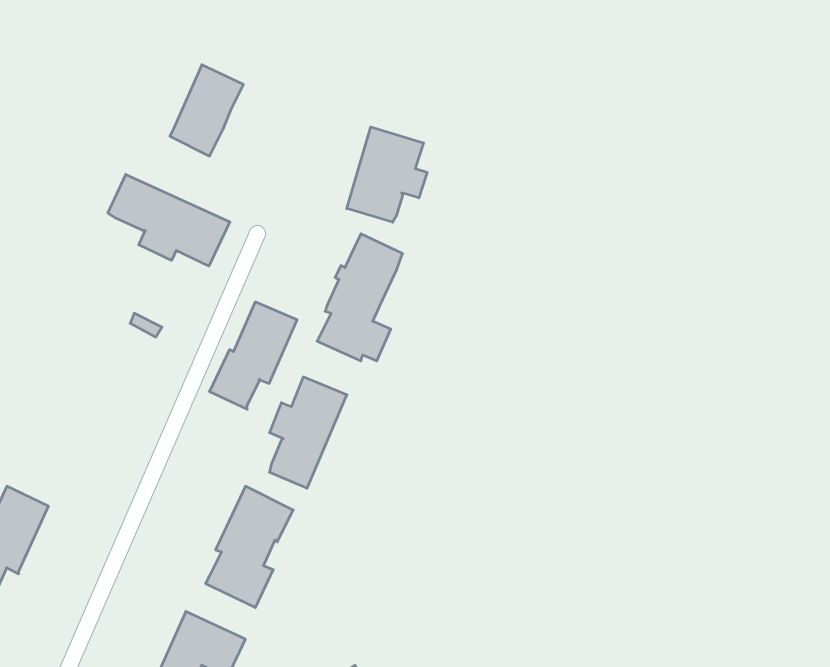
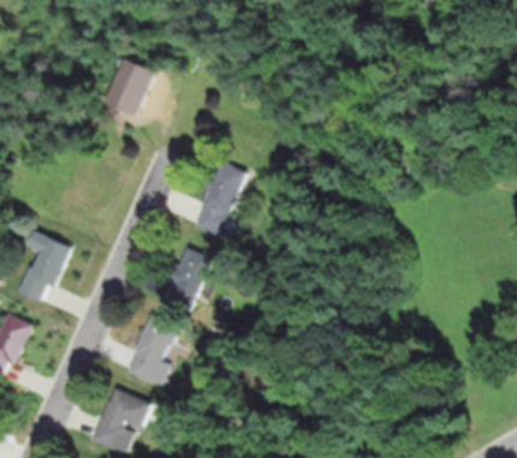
building: [347,127,427,222] -> none
building: [108,174,230,266] -> none
building: [209,302,297,409] -> [17,237,70,302]

